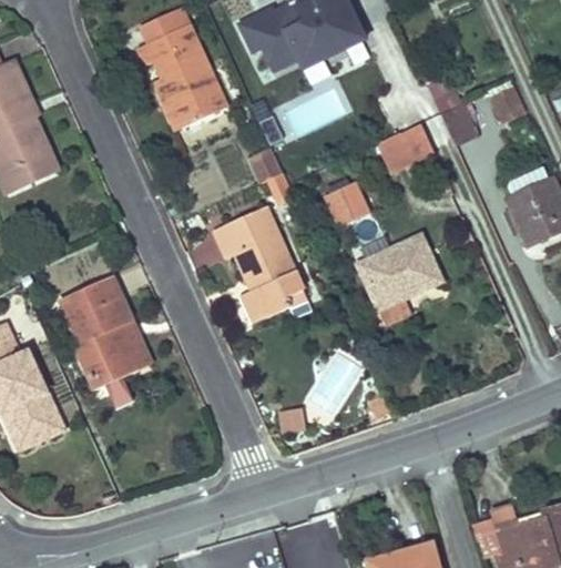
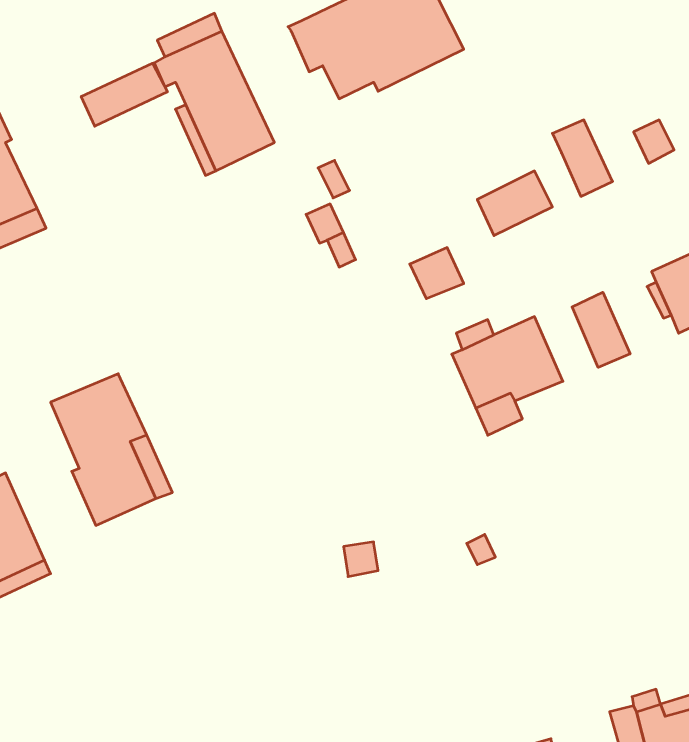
building: none -> [81,63,167,126]
building: [215,206,312,322] -> none
building: none -> [572,292,630,367]

